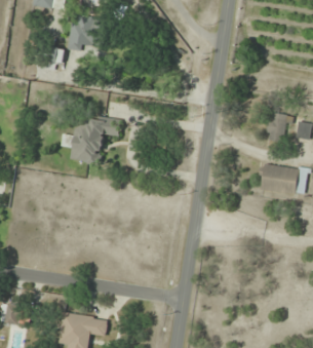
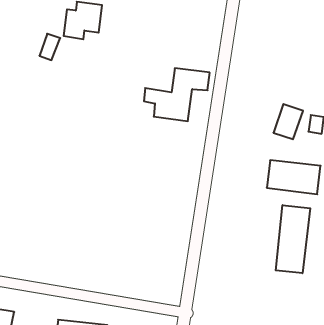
building: [60,116,121,165] -> [144,68,210,121]
building: none -> [276,205,310,273]

